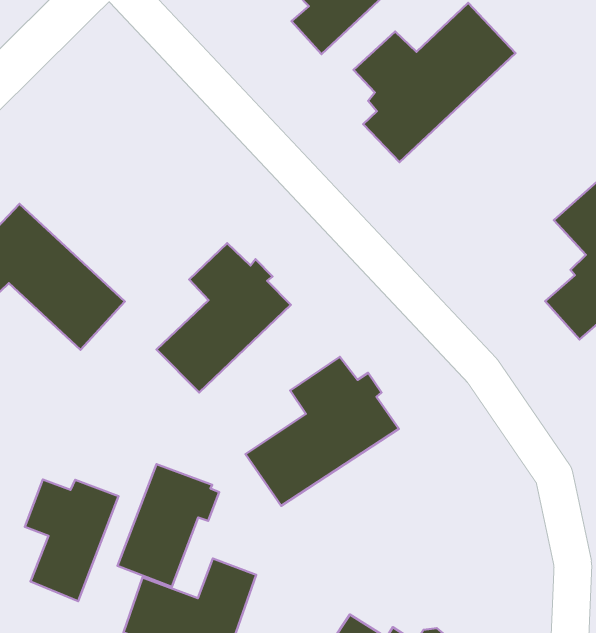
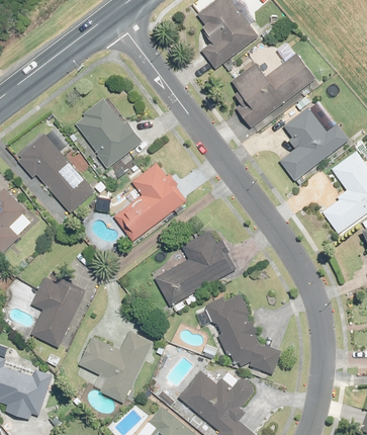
building: none -> [278,106,349,181]
building: none -> [73,97,142,168]
building: [118,464,219,587] -> none
building: none -> [206,292,281,373]

